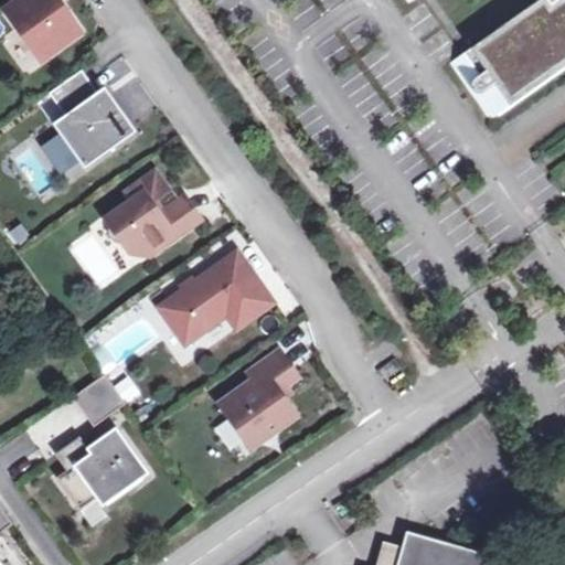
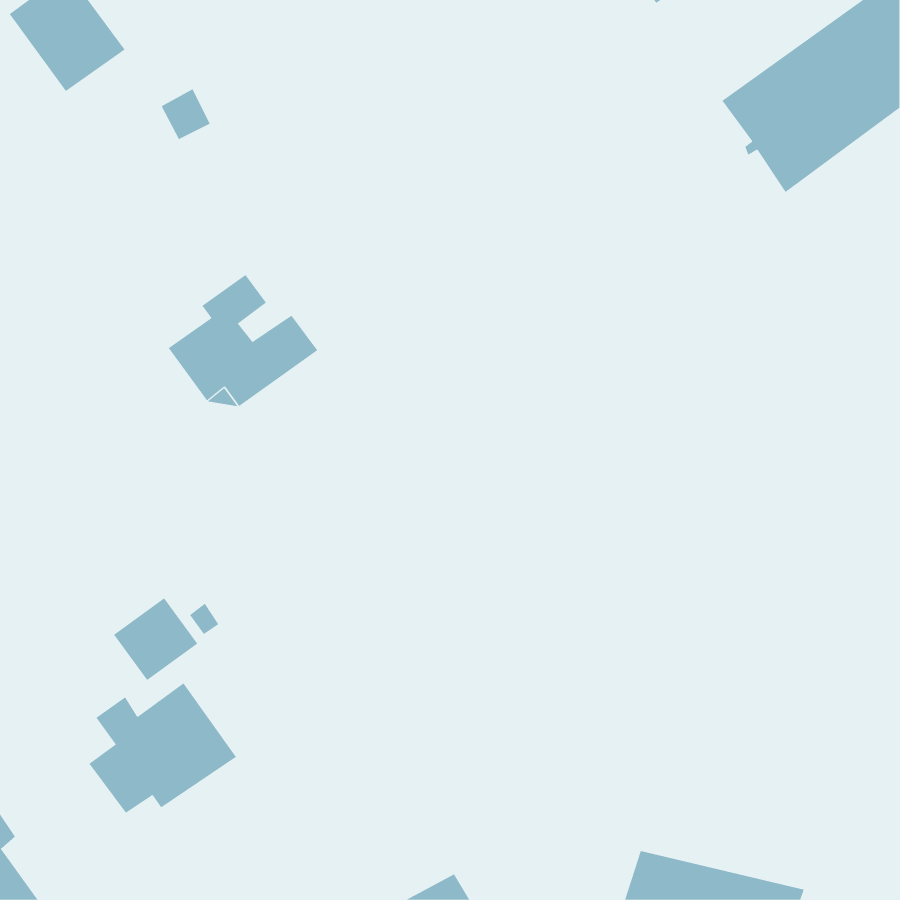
building: [36,68,135,175] -> none
building: [159,253,270,342] -> none
building: [220,351,295,446] -> none

